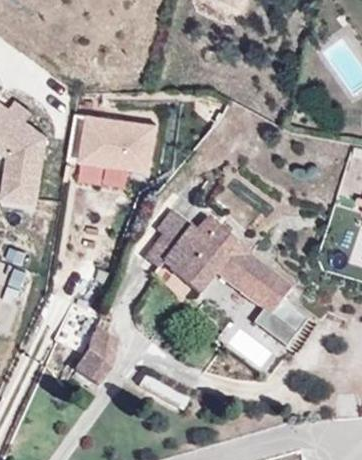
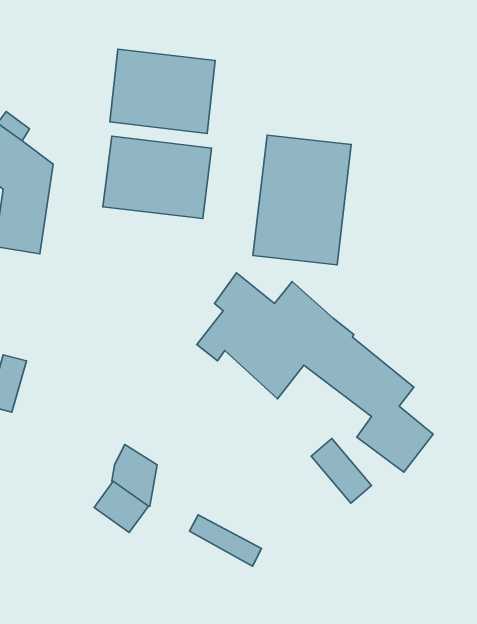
building: none -> [110,49,215,133]
building: none -> [253,135,351,265]

